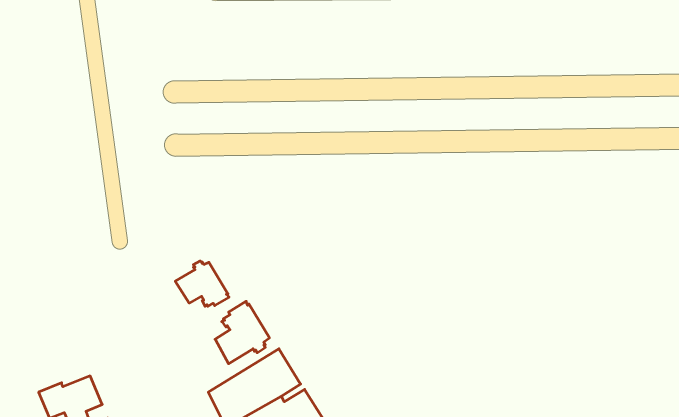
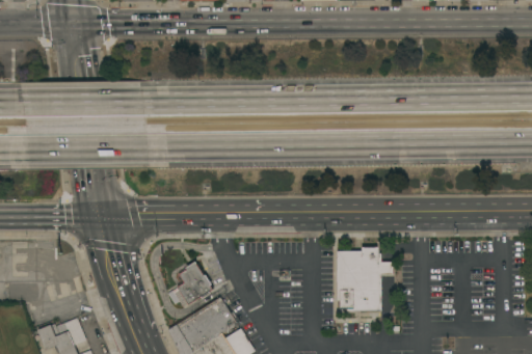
building: [175,261,229,306] -> none
building: none -> [337,247,393,311]

